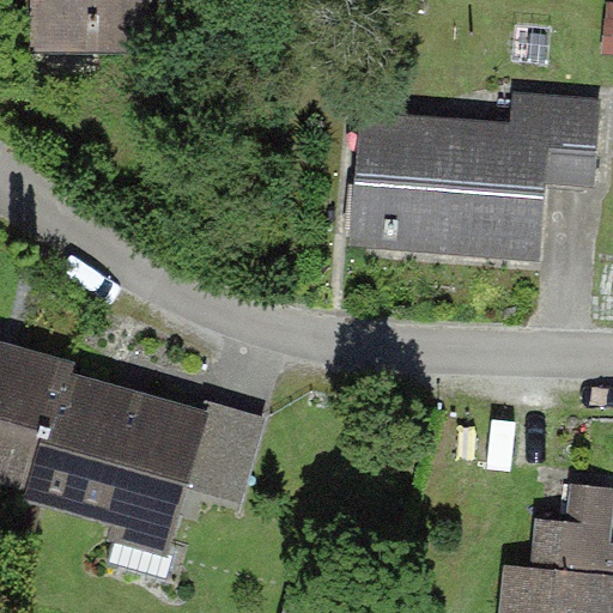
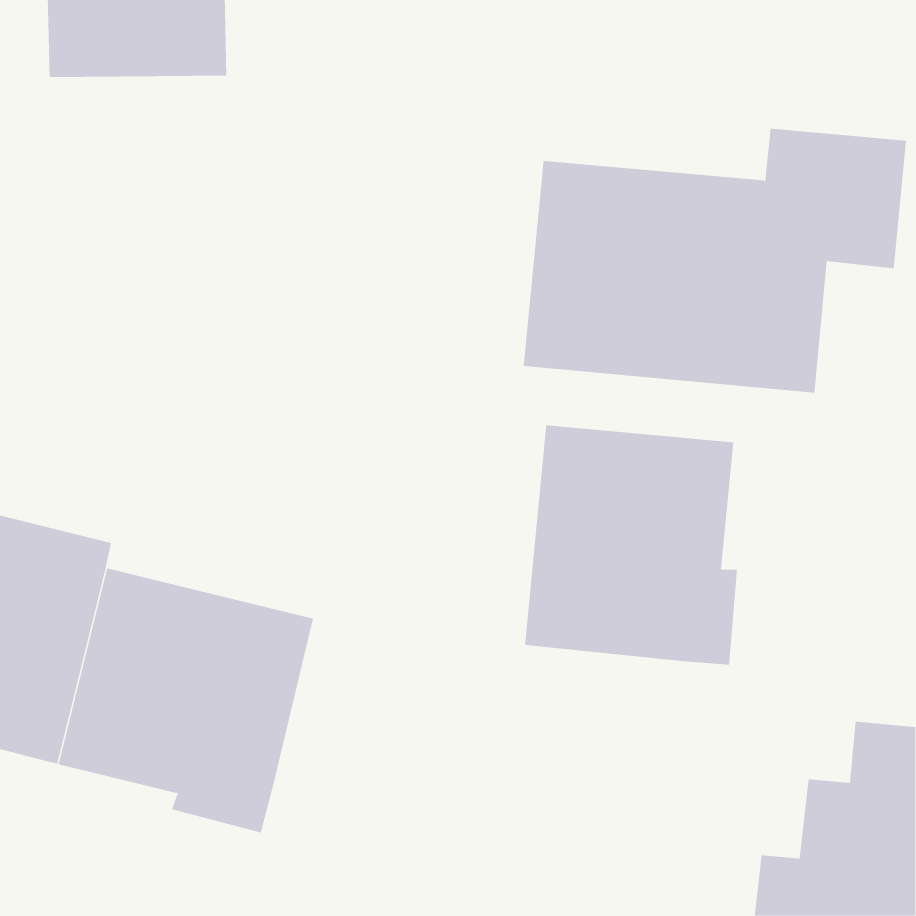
building: none -> [525,424,737,665]
building: [182,403,266,534] -> none

